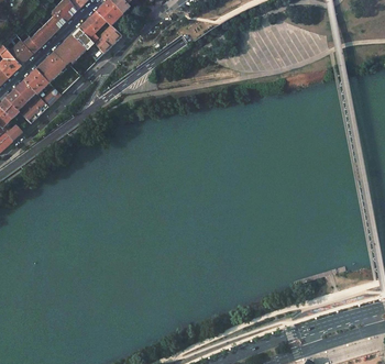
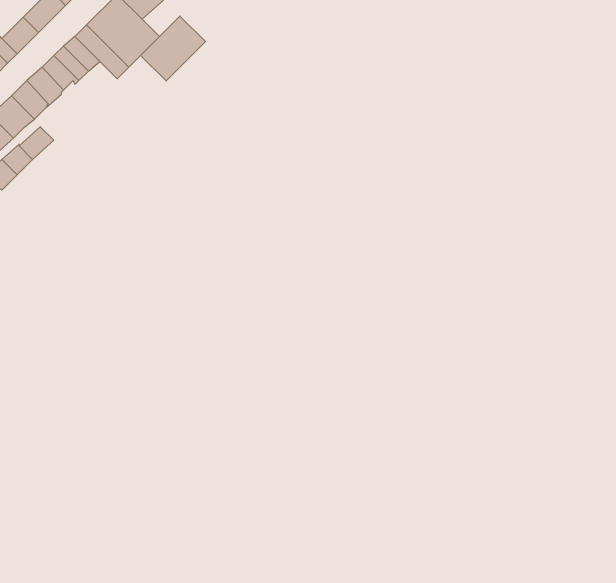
building: none -> [141,16,205,81]

